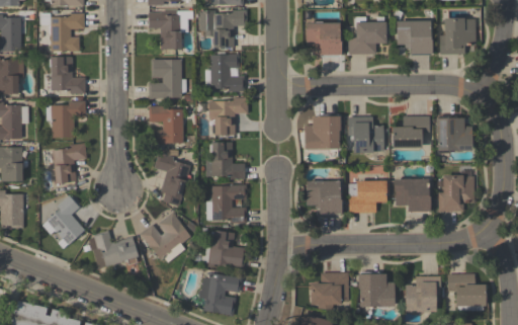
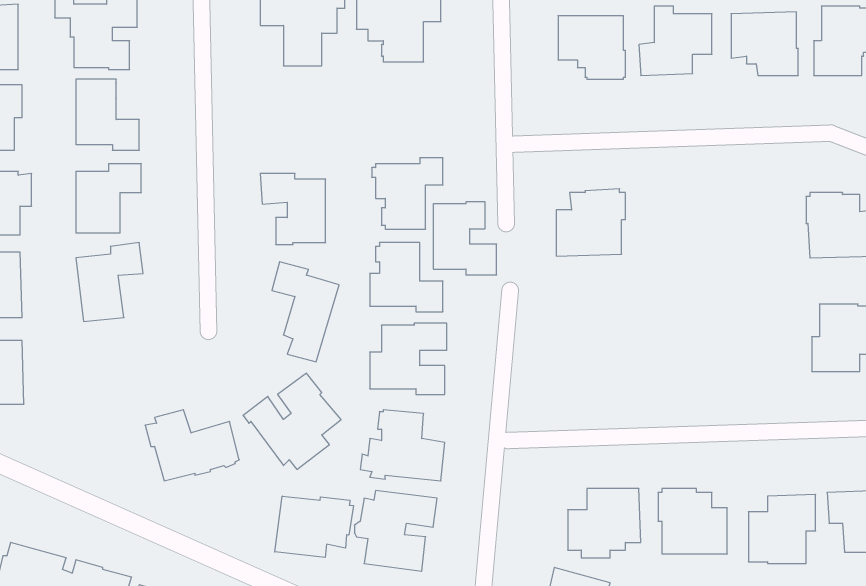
building: [211,54,245,92] -> [433,202,497,275]
building: [149,59,187,99] -> none
building: [393,115,430,148] -> none
building: [348,116,384,153] -> none
building: [395,179,430,213] -> none
building: [307,181,342,216] -> none
building: [349,181,390,213] -> none
building: [42,195,85,249] -> none
building: none -> [275,496,354,557]

